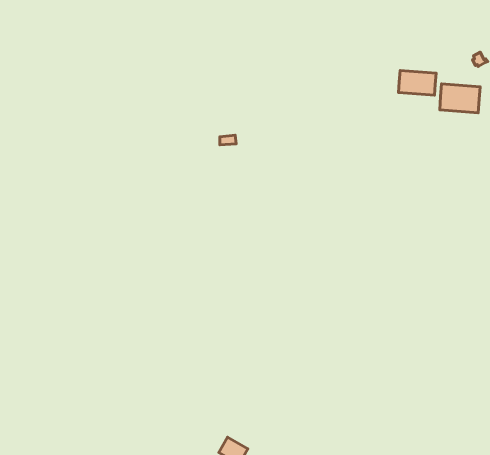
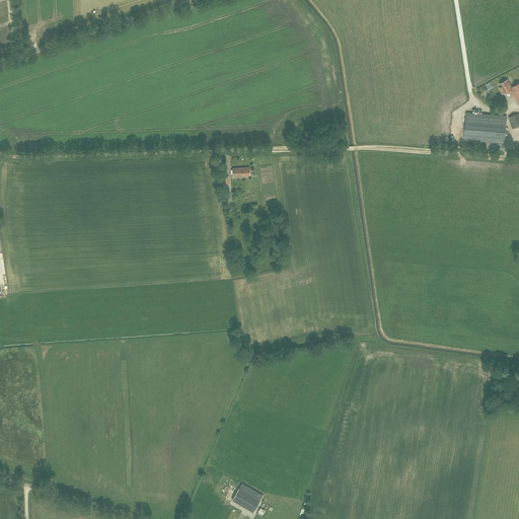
building: [398,70,436,95] -> none

